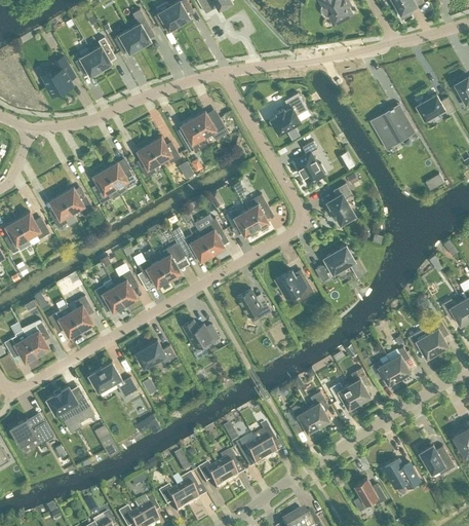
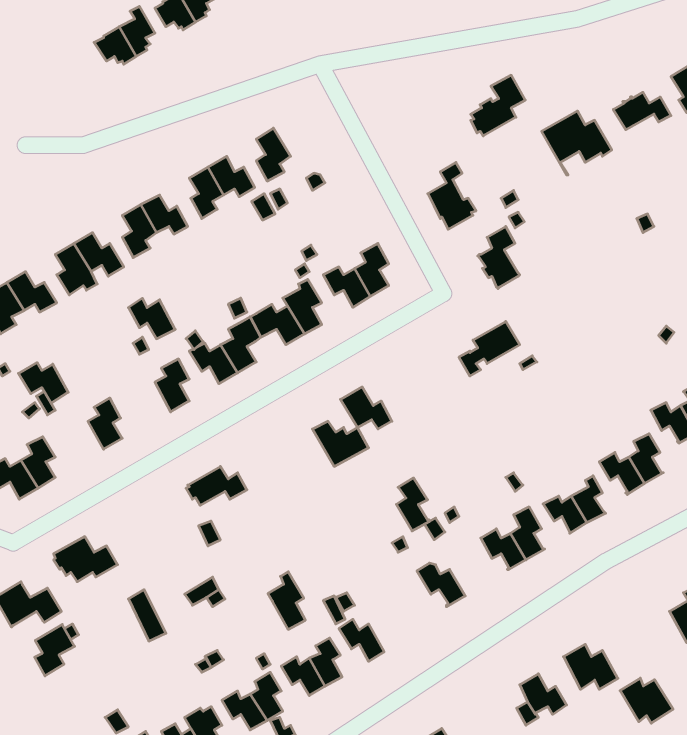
building: [41,57,74,97] -> none
building: [270,93,306,134] -> [471,75,525,136]
building: [192,111,228,141] -> none
building: [274,270,313,299] -> none
building: [93,285,124,311] -> [128,298,175,339]
building: [47,310,80,337] -> [18,363,68,403]
building: [182,321,219,350] -> [312,421,369,466]
building: [88,362,136,397] -> none
building: [308,391,329,426] -> [396,478,429,531]
building: [251,425,276,463] -> [268,572,305,629]
building: [419,445,454,475] -> [620,678,673,723]
building: none -> [35,624,75,676]

